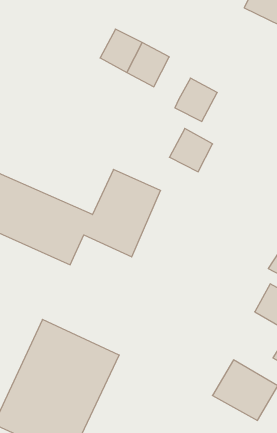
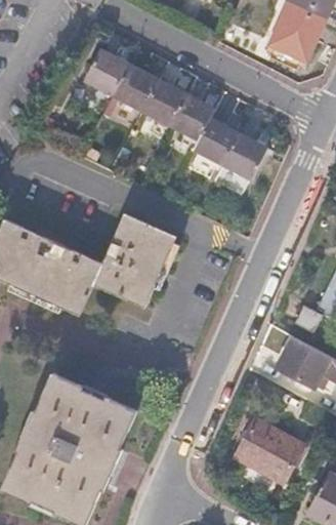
building: none -> [85,50,130,96]
building: none -> [171,95,215,140]
building: [169,128,213,172] -> [222,133,268,179]

